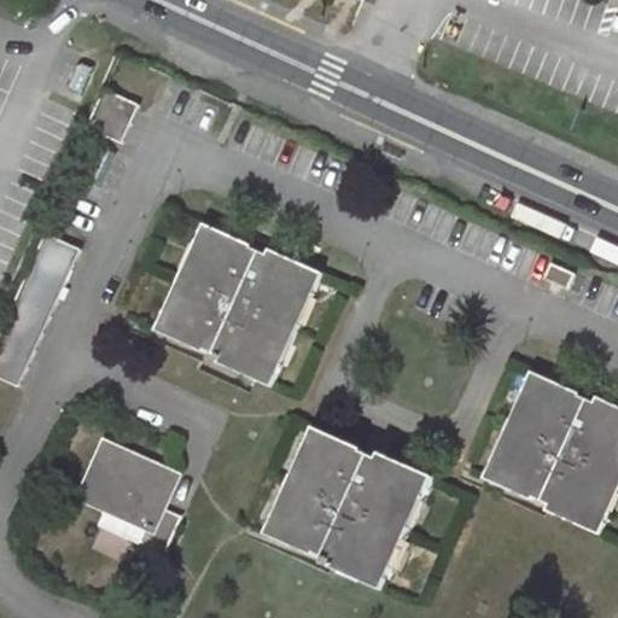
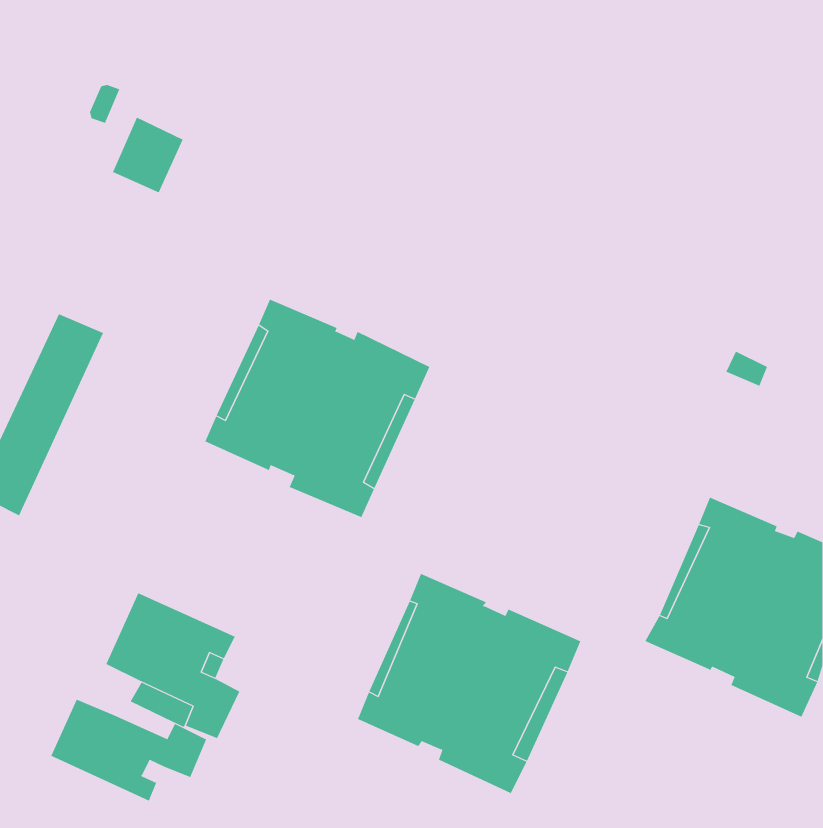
building: none -> [50,699,207,801]

